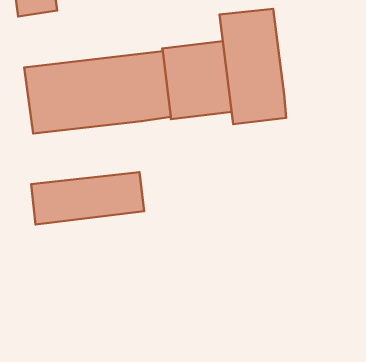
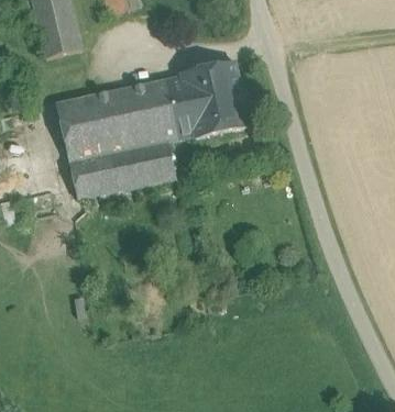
building: [220,9,286,124] -> none
building: [31,172,144,224] -> [69,141,175,198]

